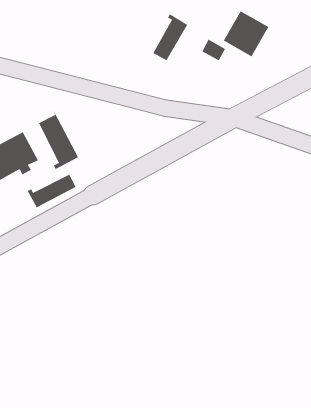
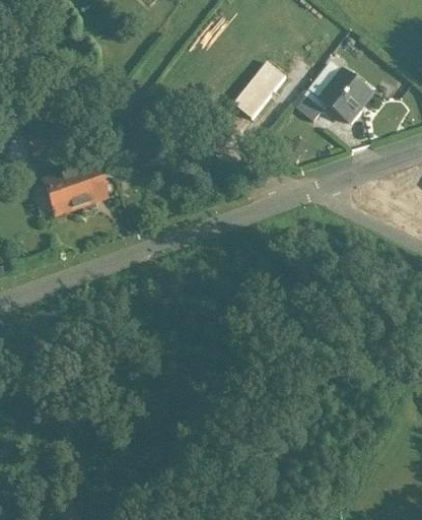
building: [38,106,79,170] -> none
building: [27,174,84,208] -> none

